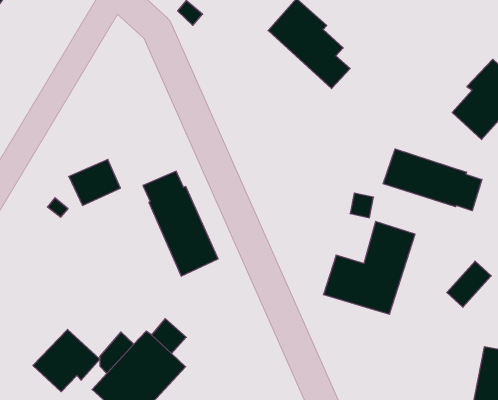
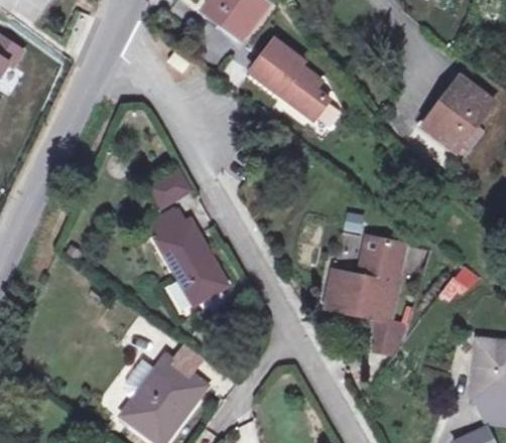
building: [383,149,482,211] -> none
building: [69,159,120,205] -> [145,166,194,210]
building: none -> [370,316,416,356]
building: [33,329,100,392] -> none

